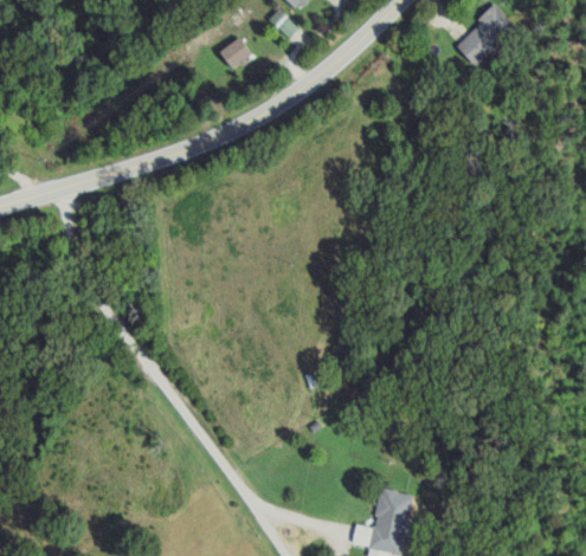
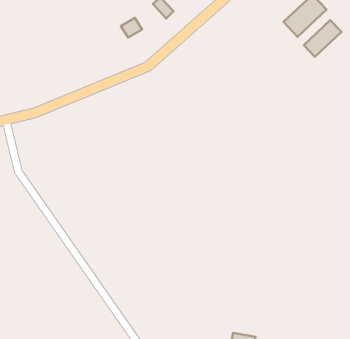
building: none -> [304,20,341,57]

